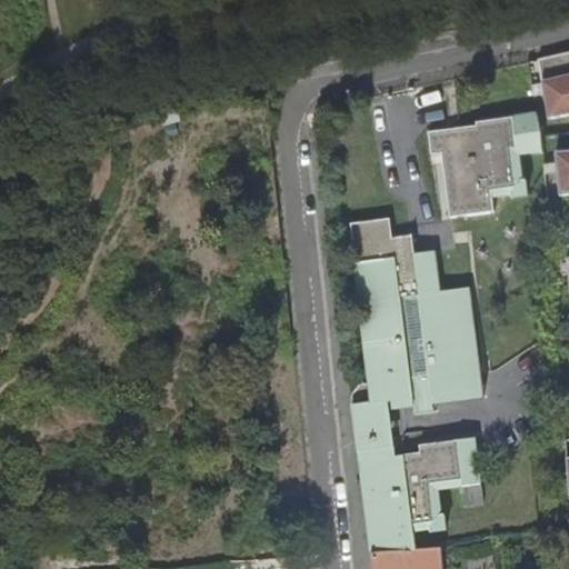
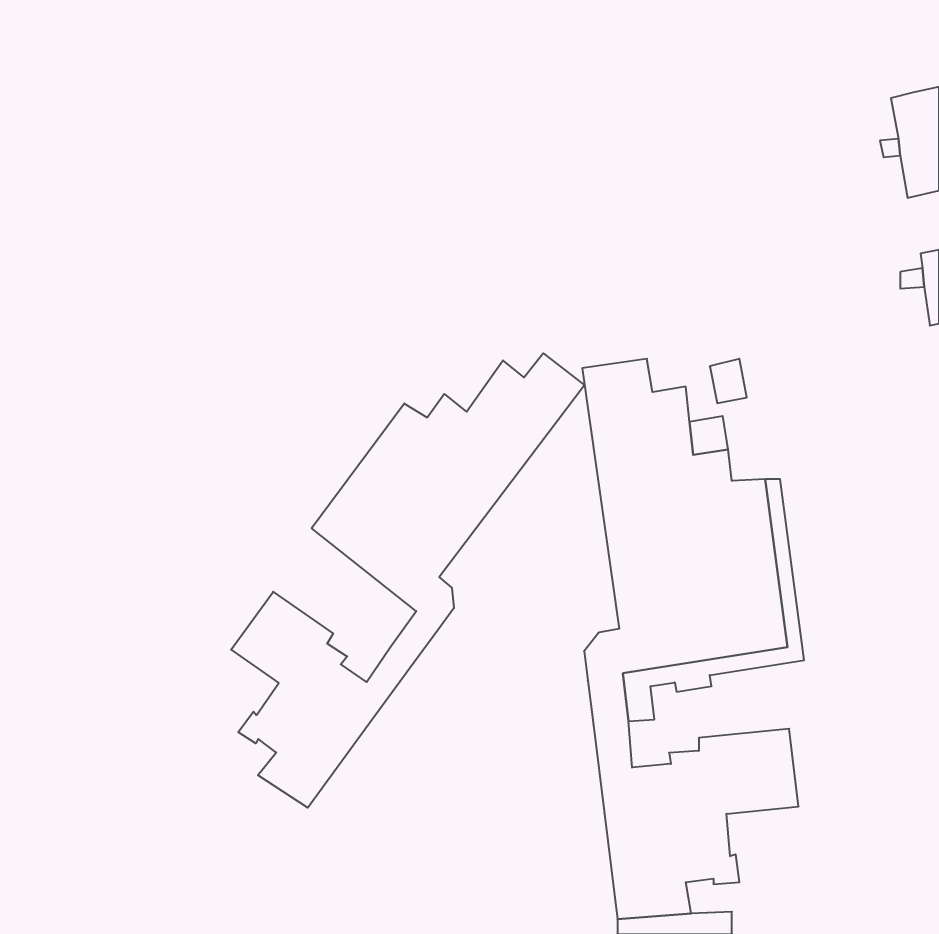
building: [426,112,540,217] -> none
building: none -> [231,353,585,808]

